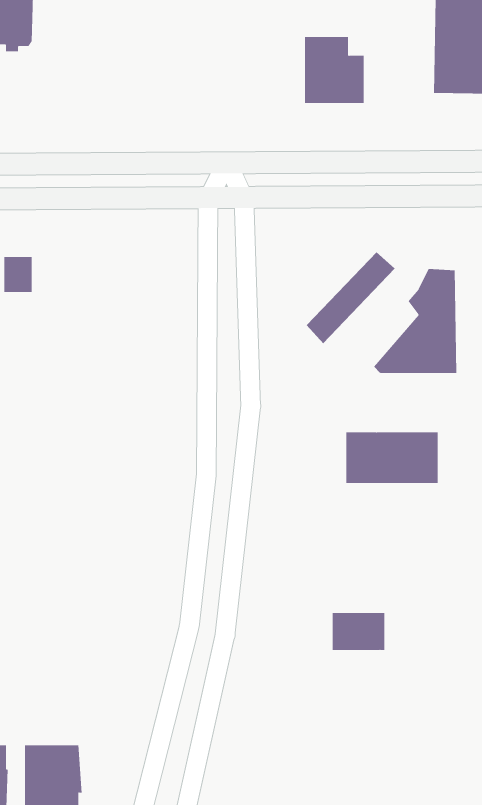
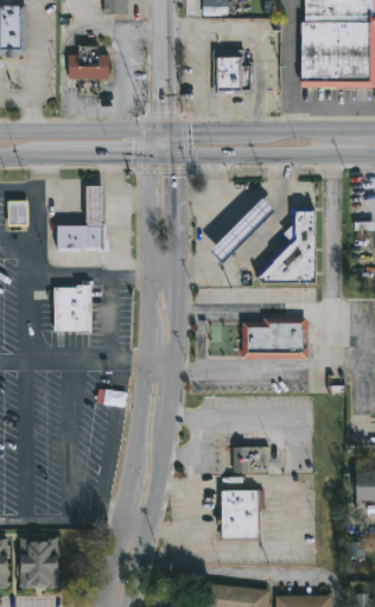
building: none -> [68,47,108,92]
building: none -> [57,184,104,249]
building: none -> [53,285,91,333]
building: none -> [222,490,259,538]

